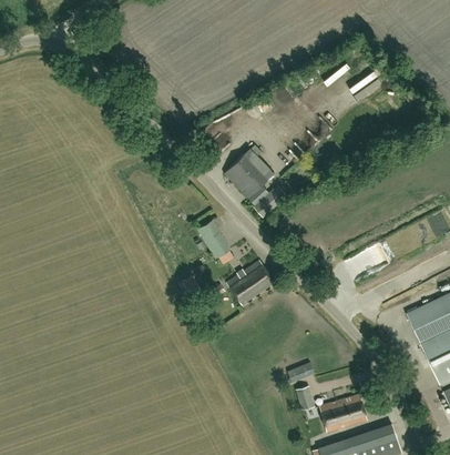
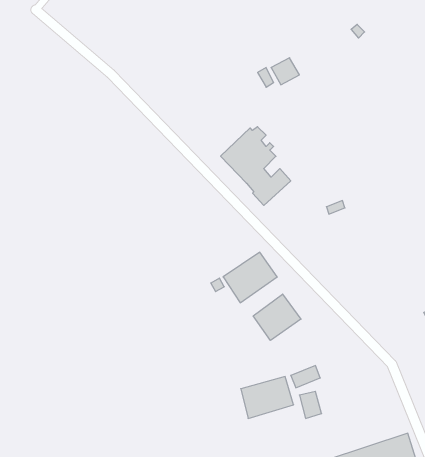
building: [197,220,231,259] -> none
building: none -> [253,294,301,340]
building: [319,394,367,432] -> [241,377,294,418]

